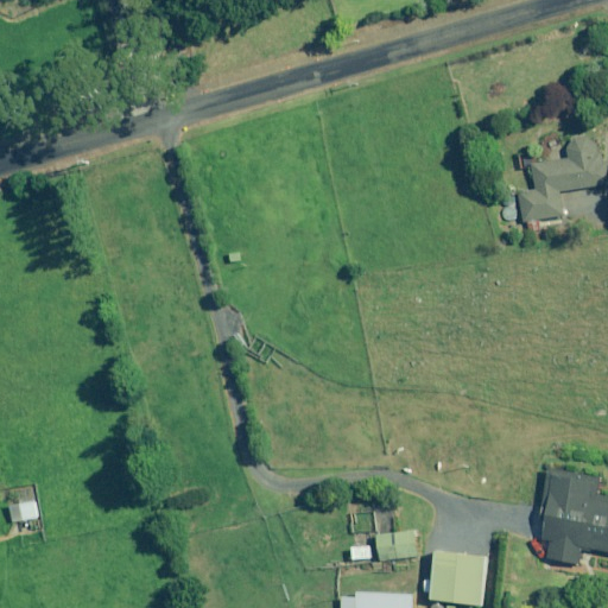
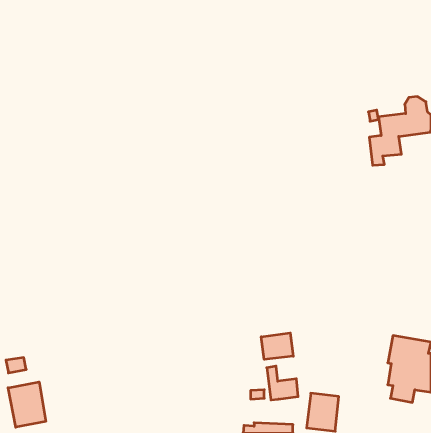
building: none -> [261,333,293,359]
building: none -> [8,382,46,427]

